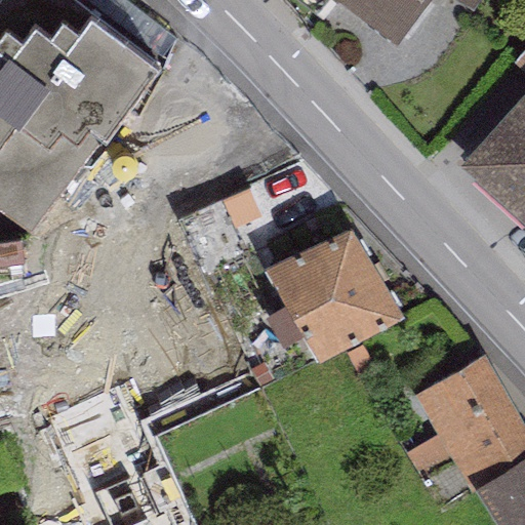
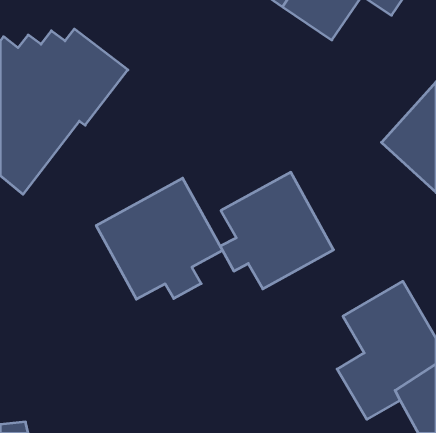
building: none -> [96,178,223,299]

